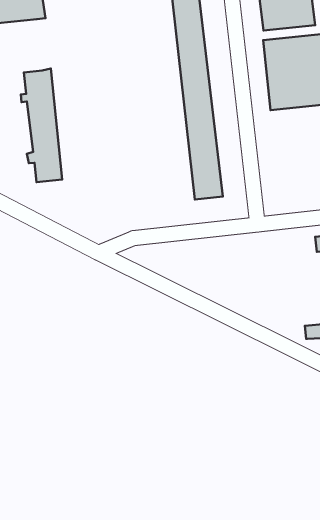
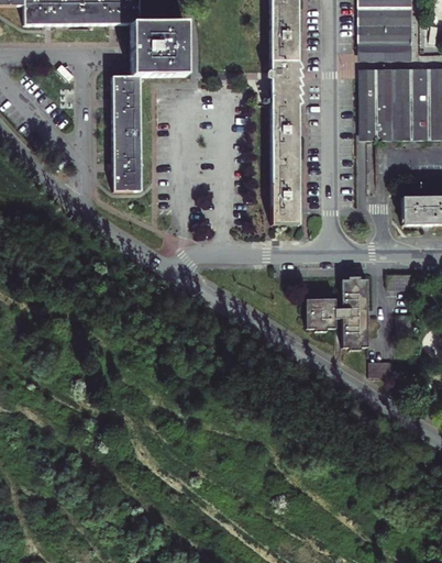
building: none -> [128,23,186,76]
building: none -> [310,278,372,346]

